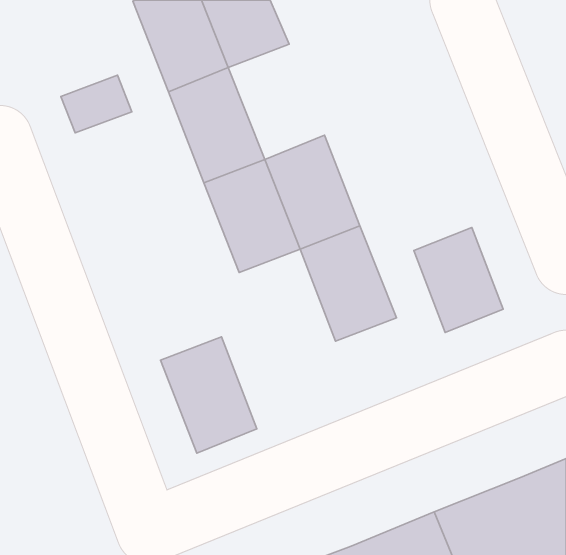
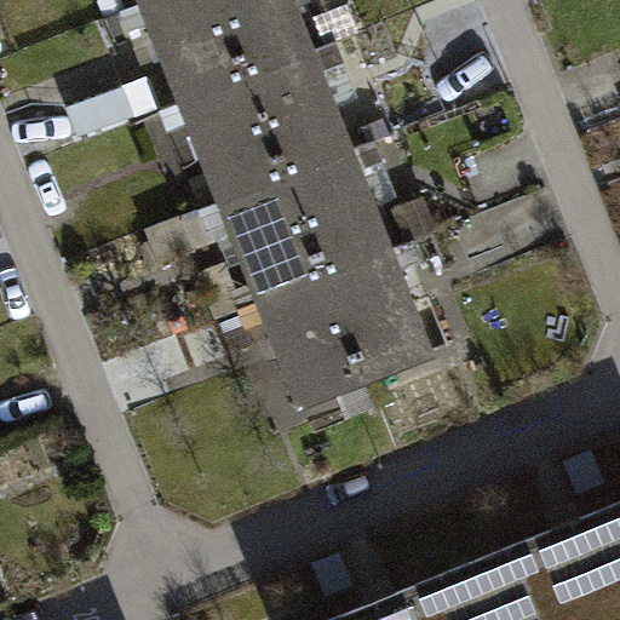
building: none -> [249,61,355,186]
building: [414,227,503,332] -> none
building: [160,337,257,453] -> [262,285,367,412]

